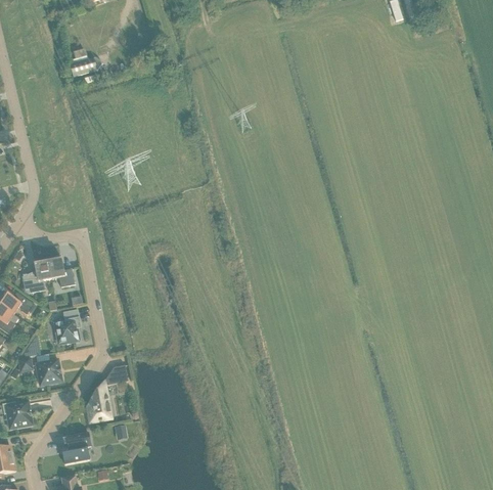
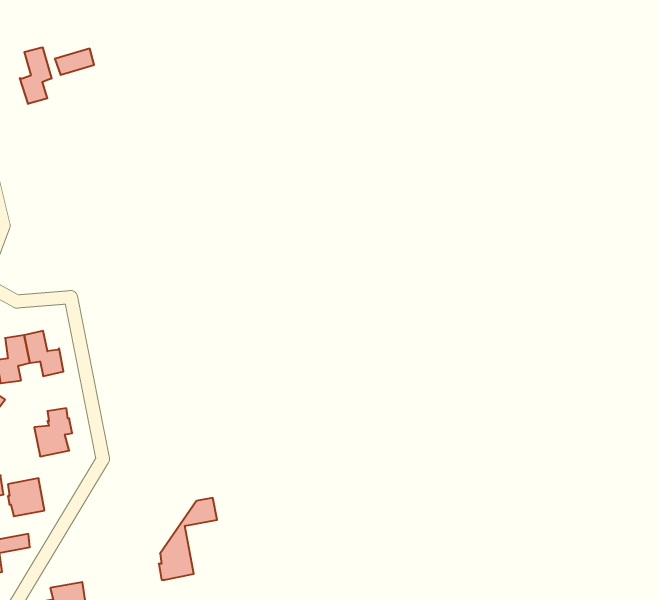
building: none -> [20,47,52,104]
building: [87,364,128,421] -> [159,498,217,580]

